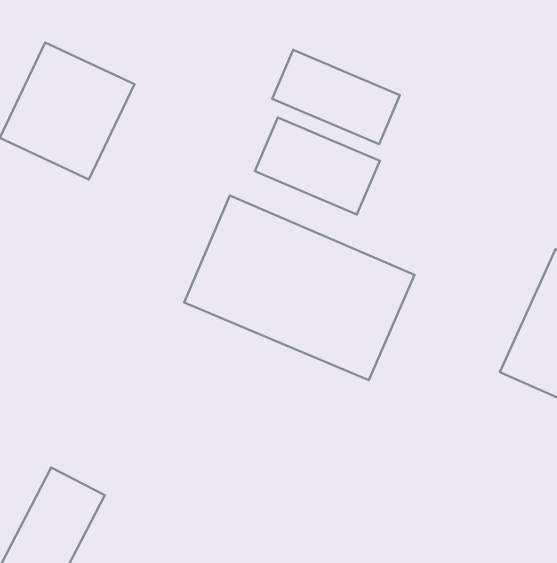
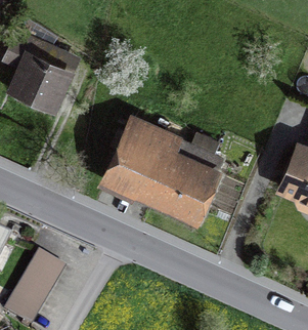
building: [272,50,400,144] -> none
building: [255,117,380,215] -> none

